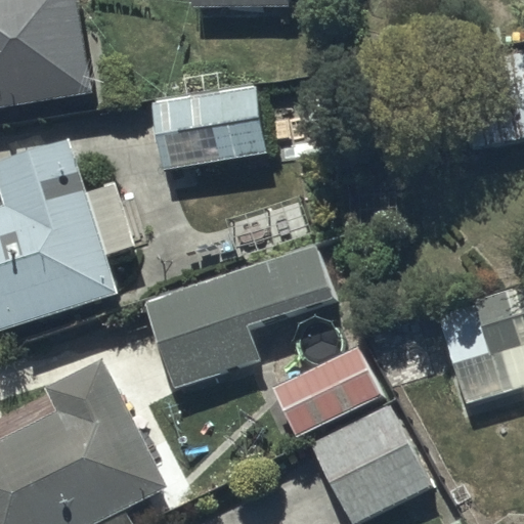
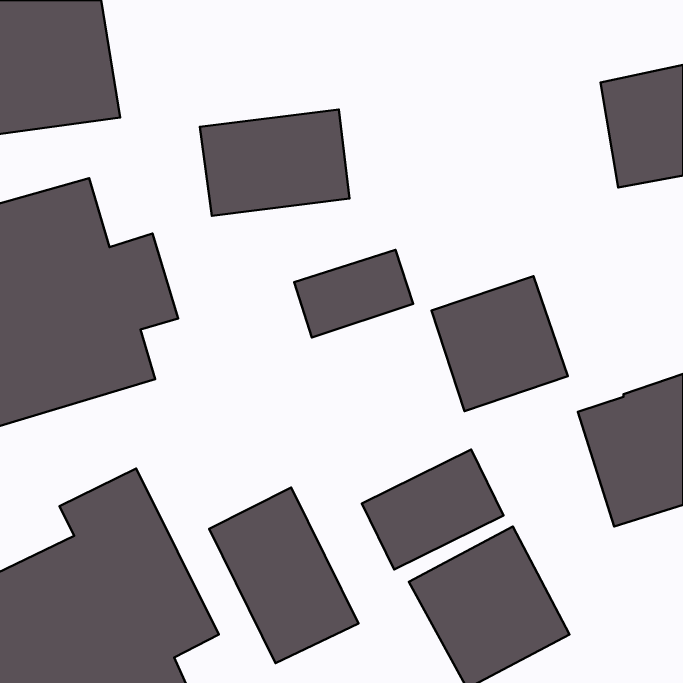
building: none -> [431,276,568,411]
building: [144,246,332,388] -> none
building: none -> [209,488,358,663]

